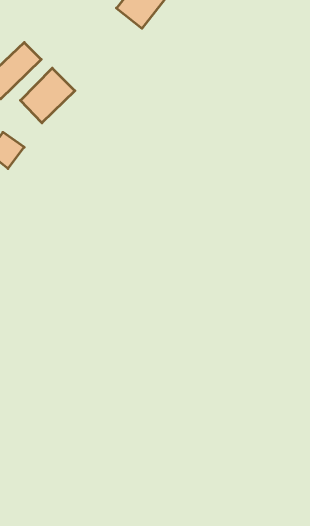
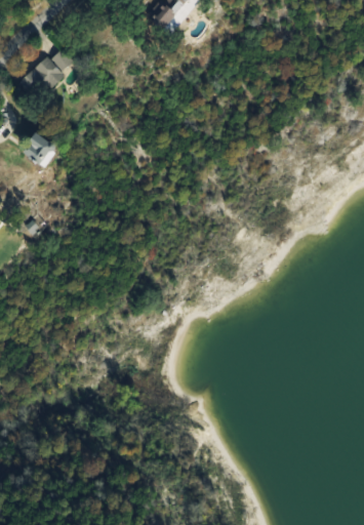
building: [20,68,75,123] -> none

